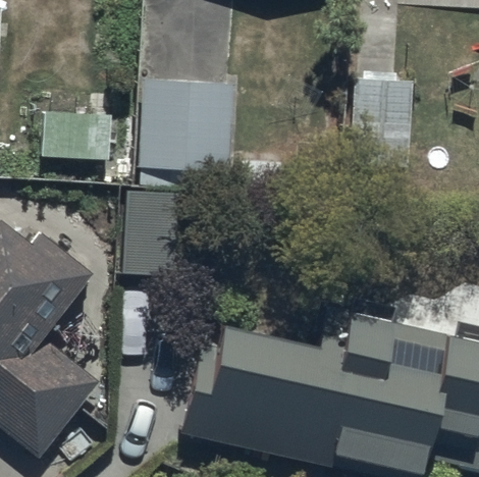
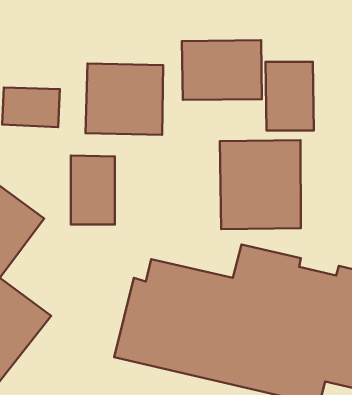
building: none -> [182,40,262,100]
building: none -> [220,140,301,229]

